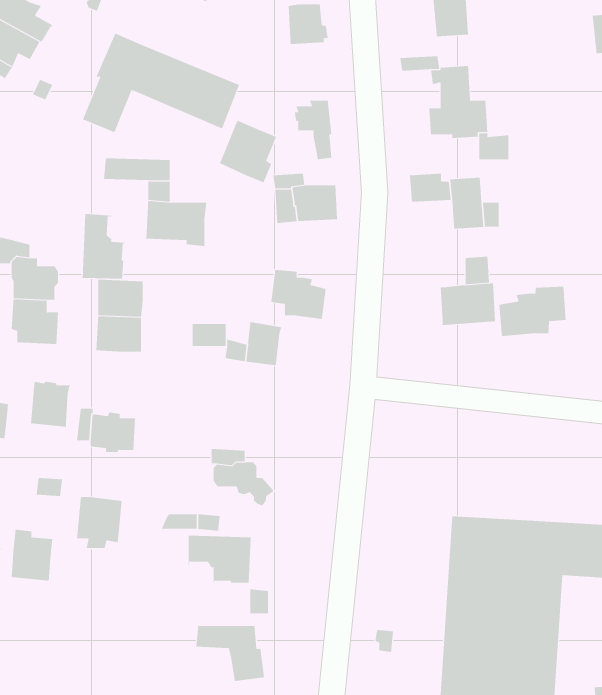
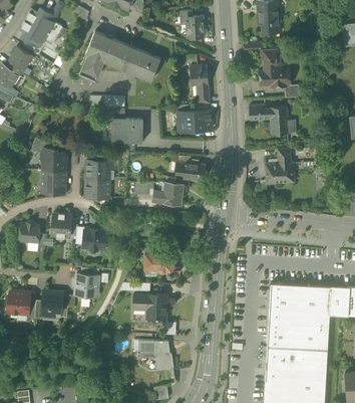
building: [219,120,277,183] -> none
building: [82,213,125,280] -> none
building: [499,286,566,337] -> none

